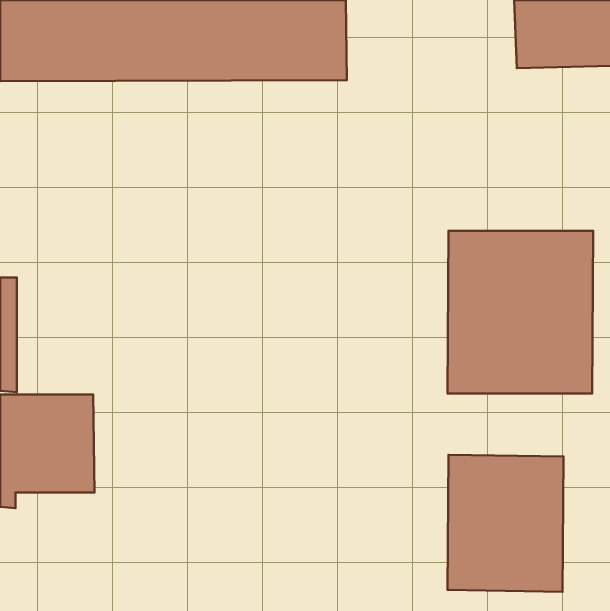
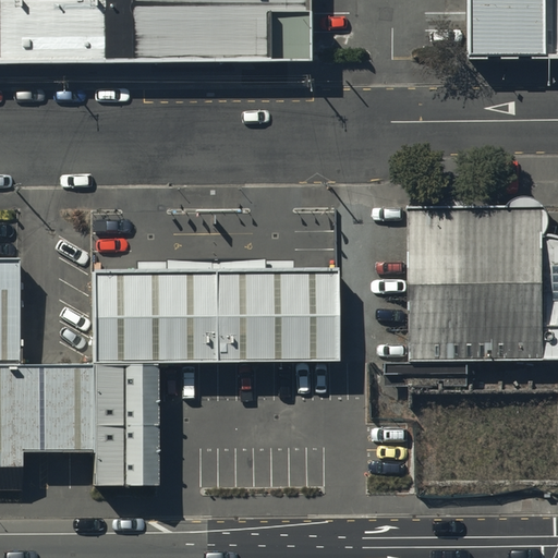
building: none -> [90,266,335,360]
building: none -> [89,371,156,485]
building: [448,455,563,592] -> none

